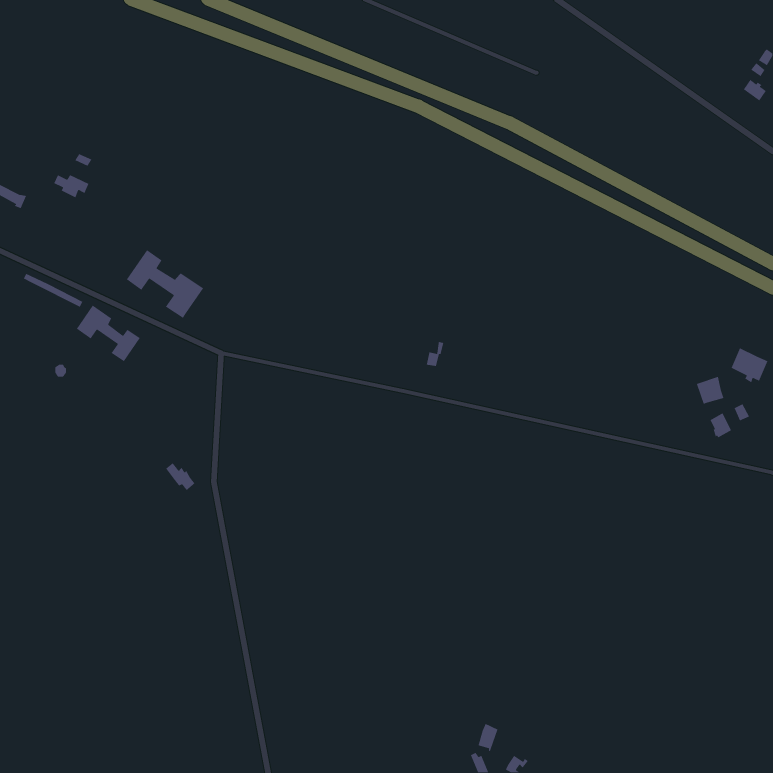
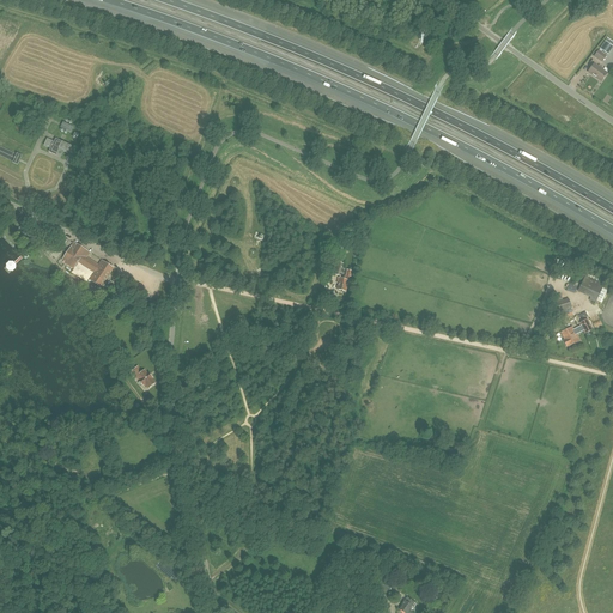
building: [126,249,204,319] -> none

